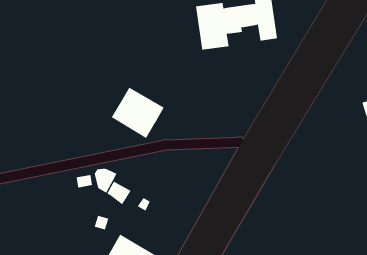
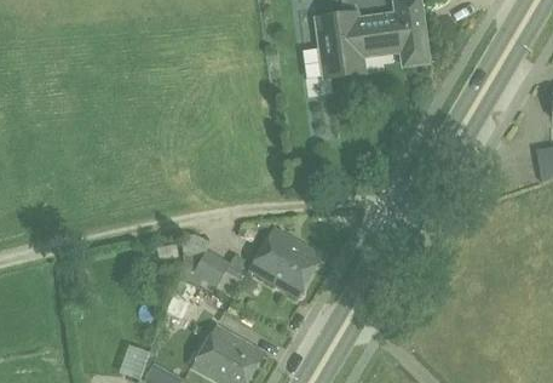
building: [111,87,165,139] -> [249,227,322,297]

